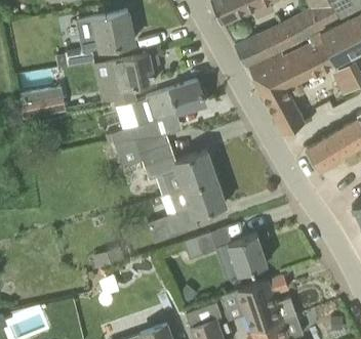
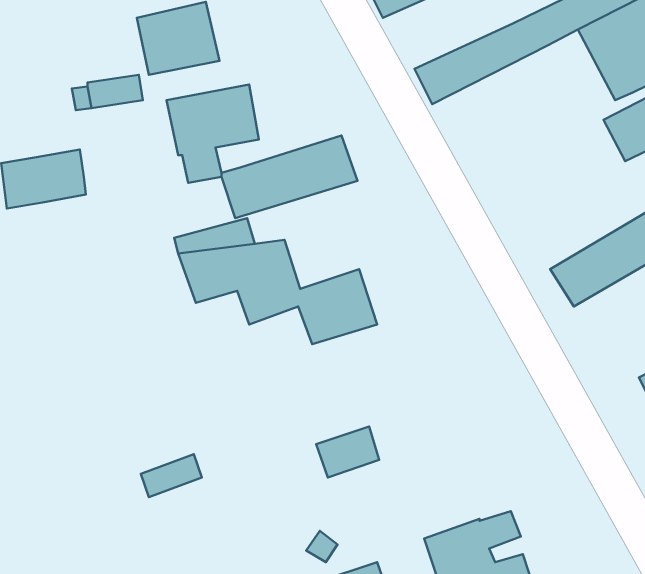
building: [248,26,339,132] -> none
building: [147,179,225,243] -> none
building: [227,234,267,274] -> none

